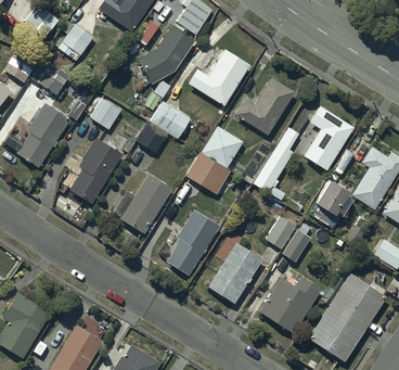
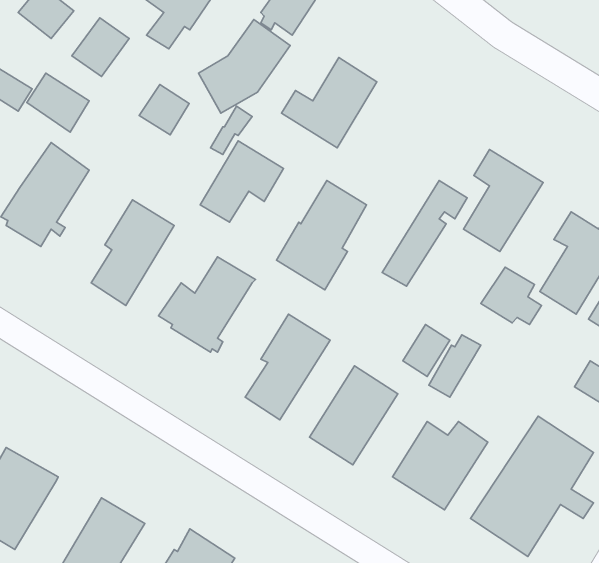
building: [234,77,294,135] -> none
building: [90,98,121,129] -> [139,84,189,135]

